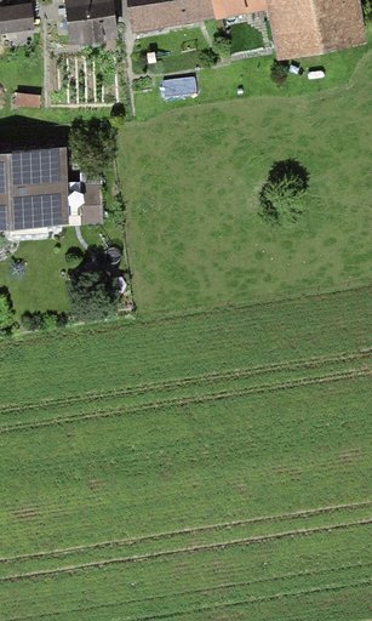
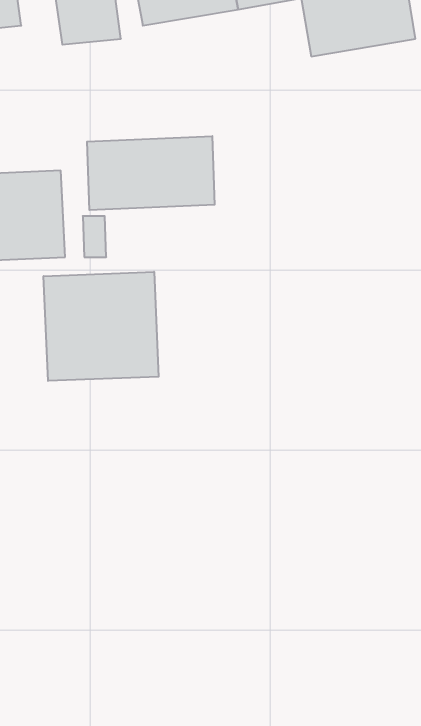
building: none -> [87,136,215,210]
building: none -> [44,272,159,381]

